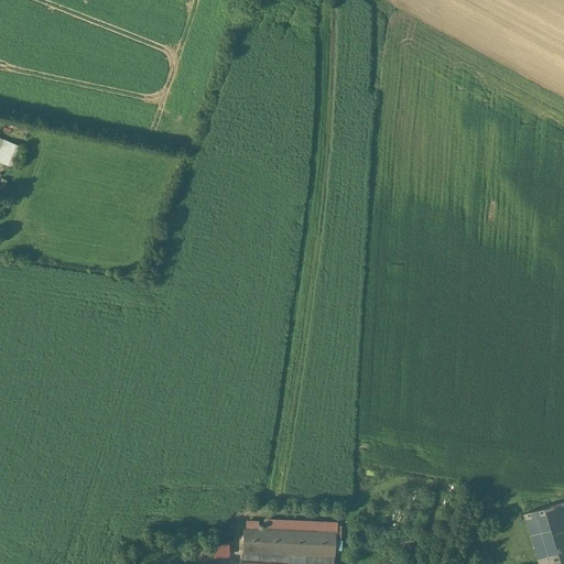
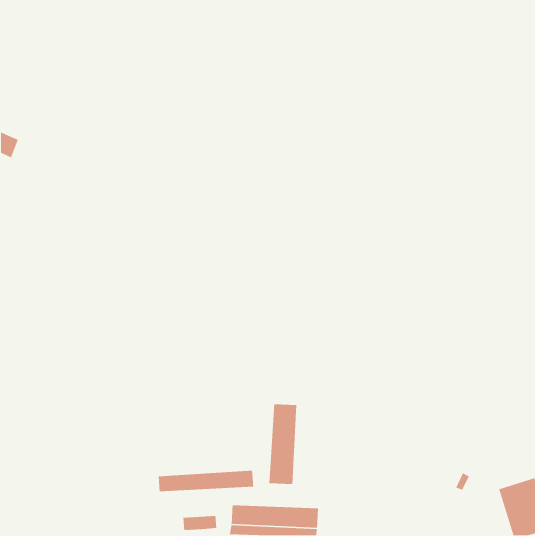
building: none -> [268,404,297,485]
building: none -> [158,470,254,492]

